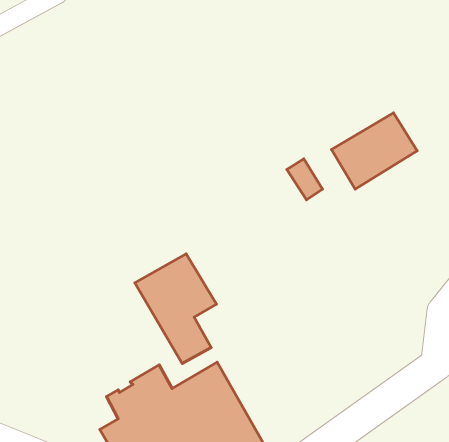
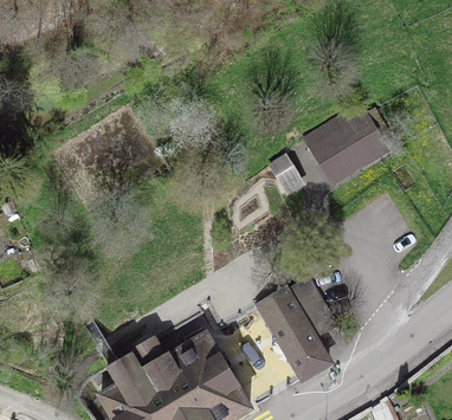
building: [135,254,217,363] -> [260,279,334,377]

